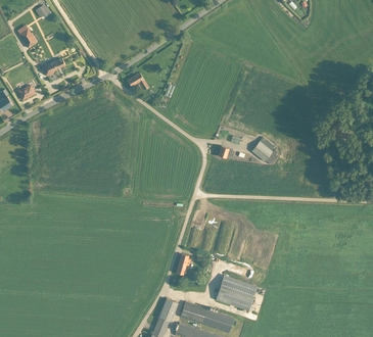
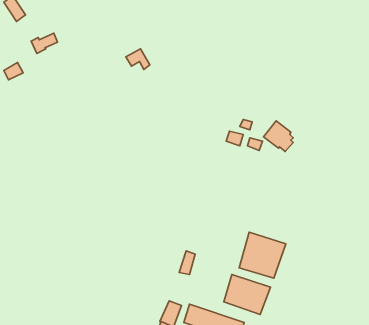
building: none -> [239,232,286,278]

